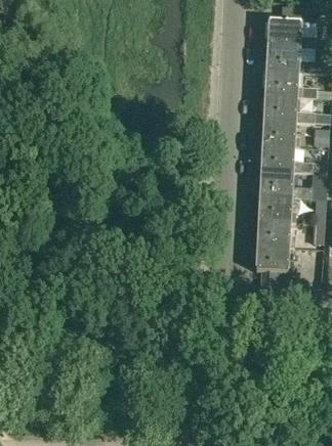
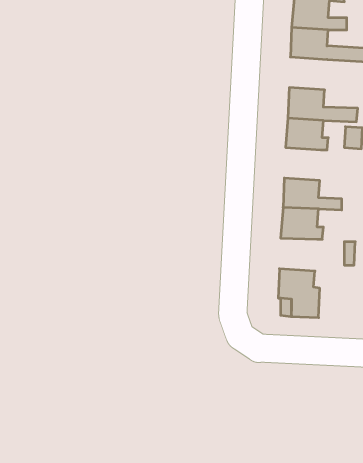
building: [264,68,315,96] -> none
building: [260,143,309,171] -> none
building: [256,219,291,247] -> none

